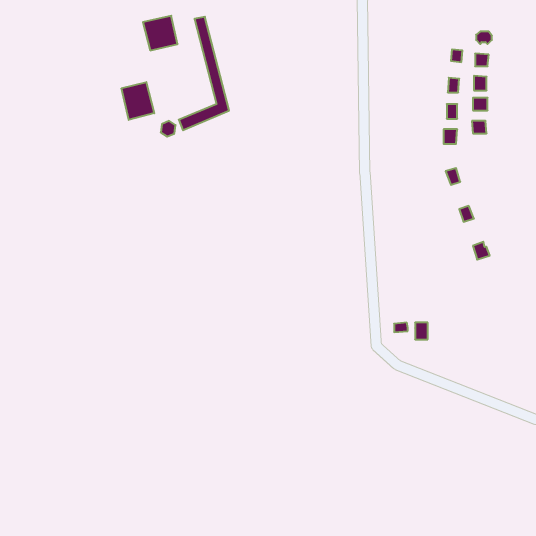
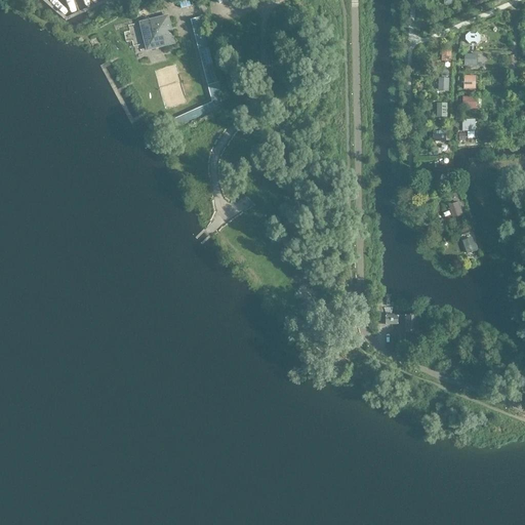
building: [122,82,154,120] -> none

